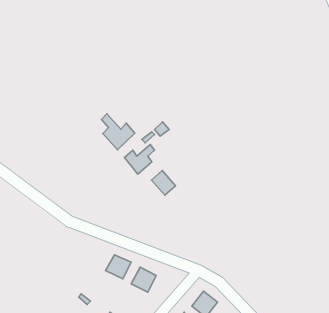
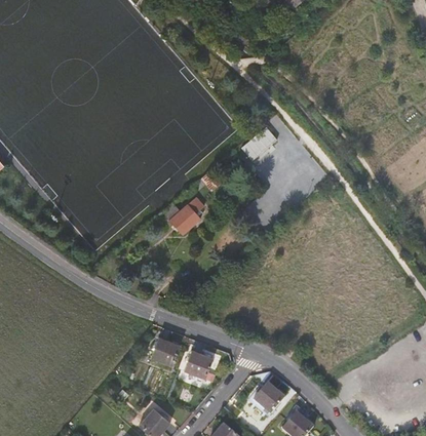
building: [101,114,135,150] -> none
building: [151,171,175,195] -> none

